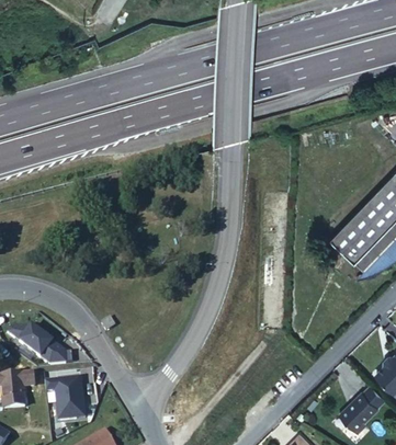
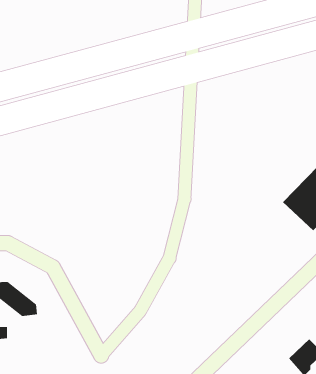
building: [44,379,82,421] -> none

